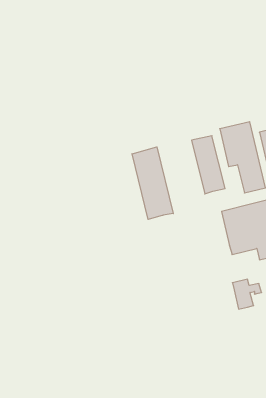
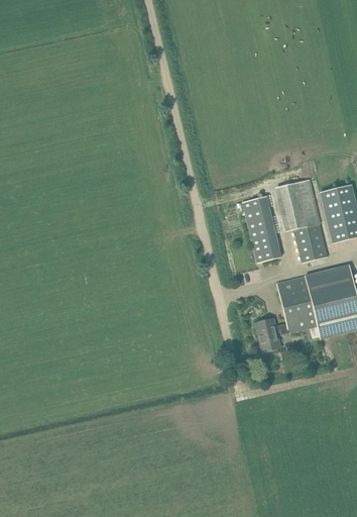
building: [132,147,173,219] -> none
building: [232,279,262,309] -> [255,317,288,351]

